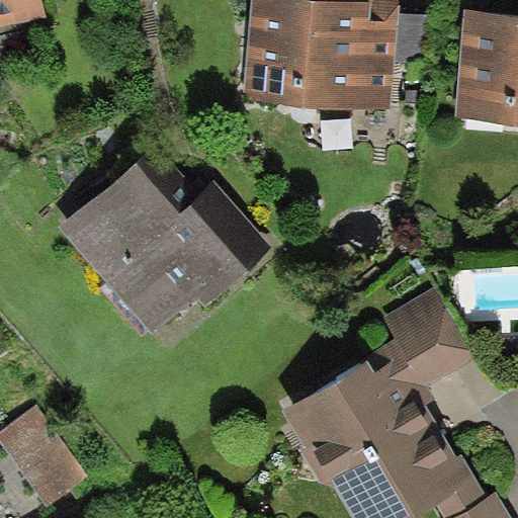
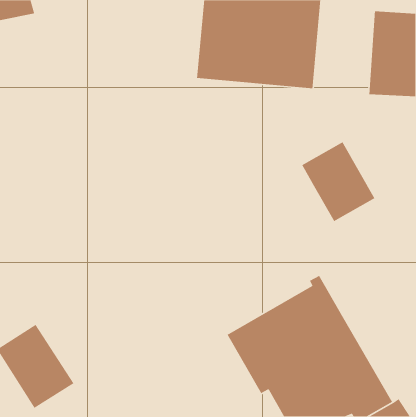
building: [59,161,272,336] -> none
building: [382,287,474,387] -> [301,141,376,222]

